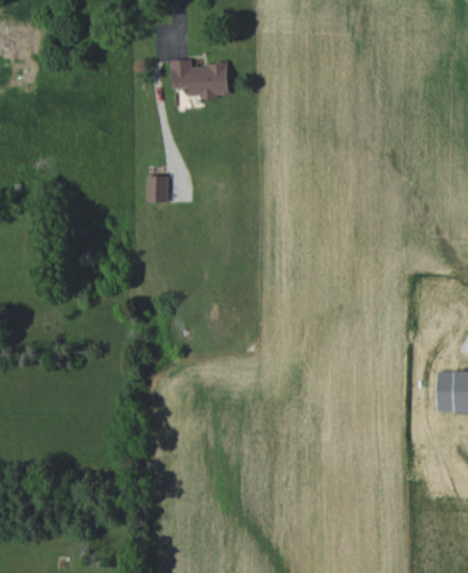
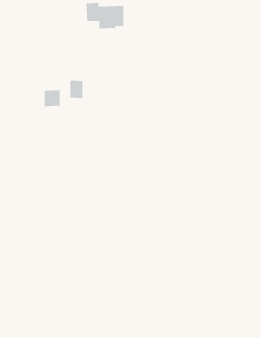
building: none -> [44,90,60,107]

